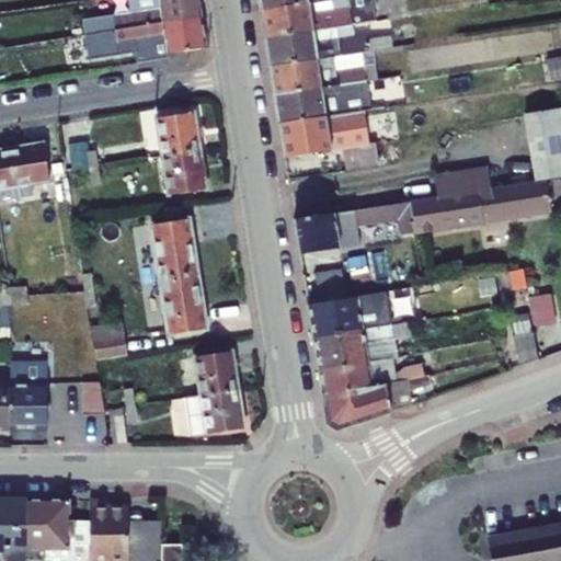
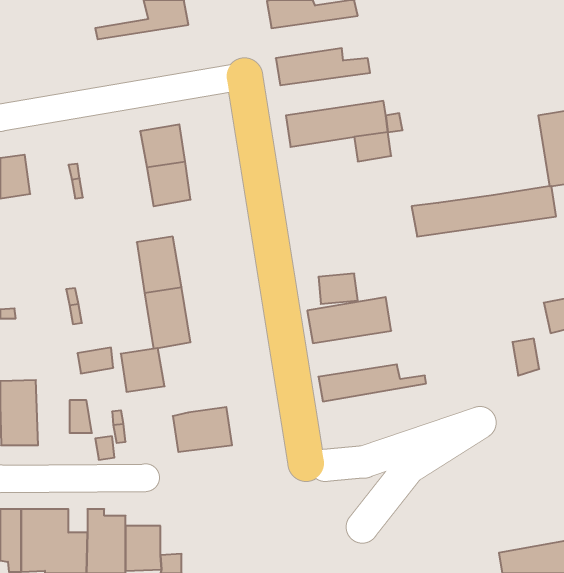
building: [274,15,367,57] -> none
building: [104,24,195,60] -> none
building: [283,75,376,113] -> none
building: [434,169,491,198] -> none
building: [295,202,416,251] -> none
building: [314,320,410,368] -> none
building: [187,360,230,403] -> [121,348,165,392]
building: [324,375,426,427] -> none

